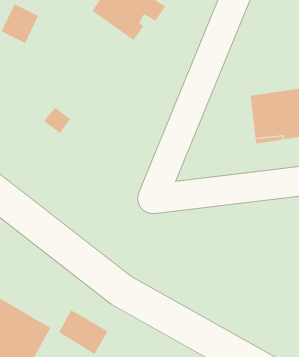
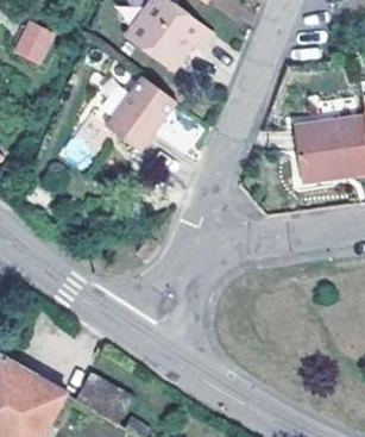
building: none -> [99,65,171,142]

